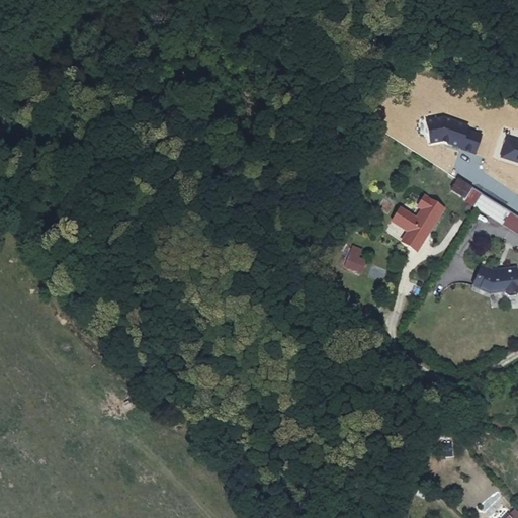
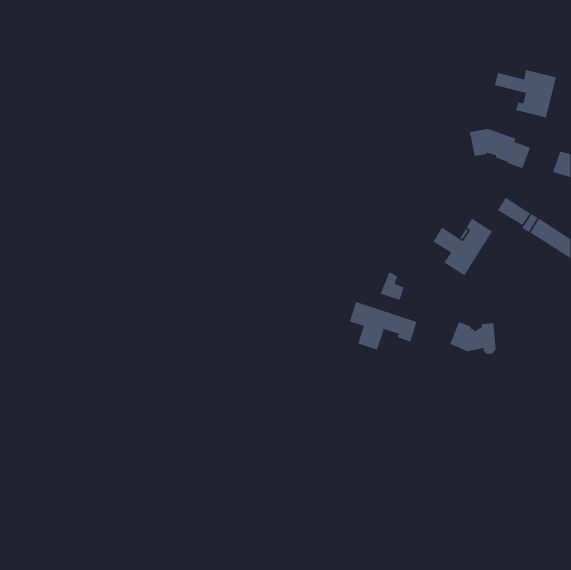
building: none -> [494,69,557,118]
building: [465,265,508,294] -> [449,322,496,354]
building: none -> [349,301,417,351]

